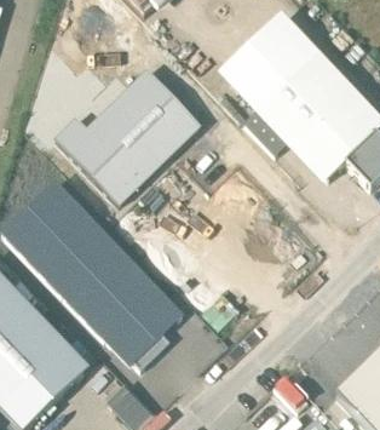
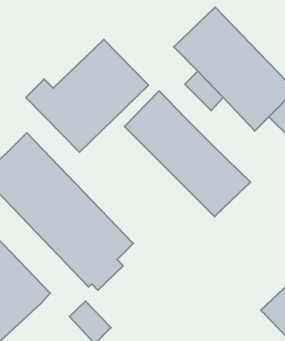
building: none -> [124,91,250,217]

